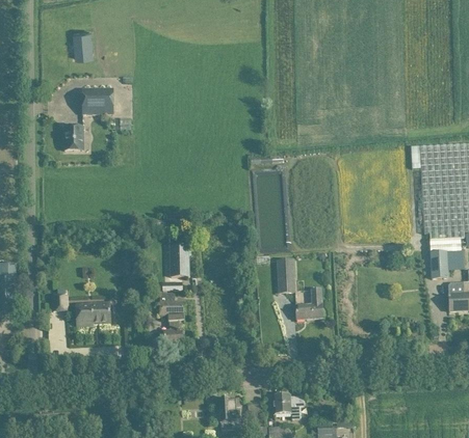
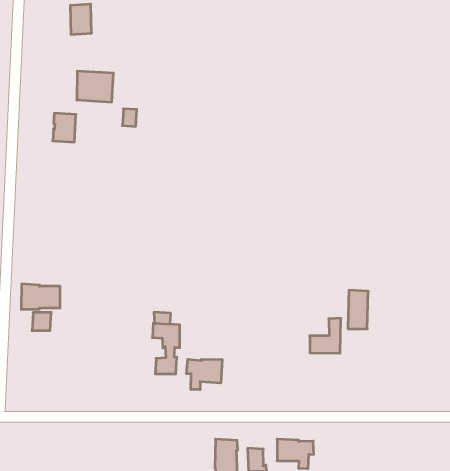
building: [171,244,189,275] -> none
building: [278,258,295,292] -> [348,290,368,329]
building: [76,303,110,325] -> [21,284,60,309]
building: none -> [186,359,222,390]

